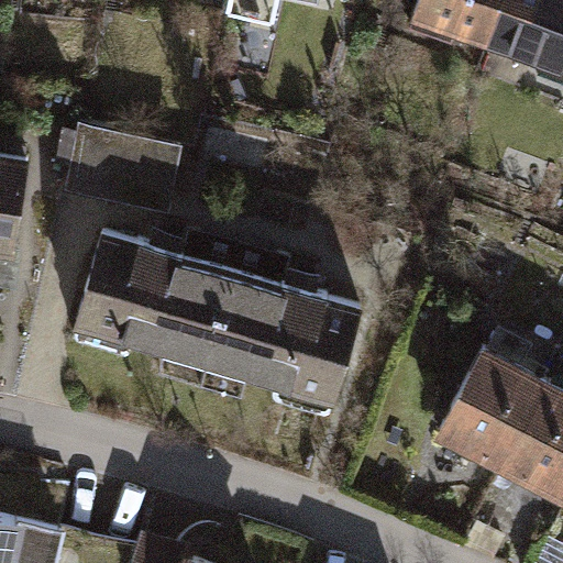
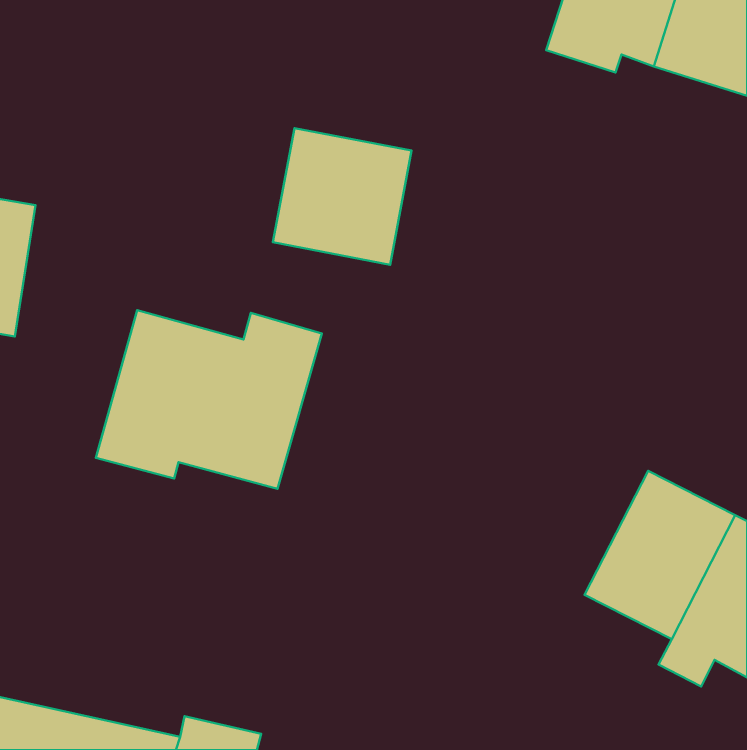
building: none -> [273,128,412,265]
building: [64,128,181,214] -> none
building: [207,249,365,420] -> none

